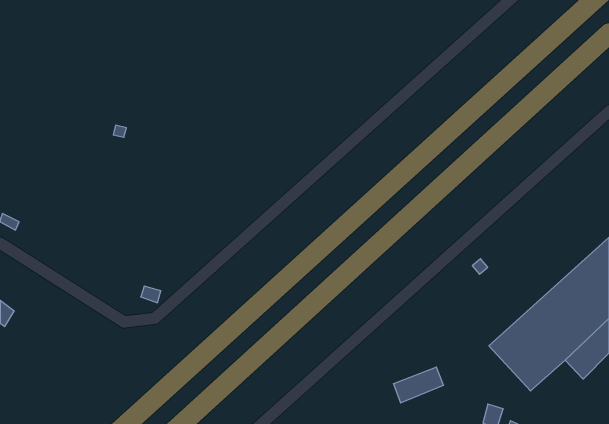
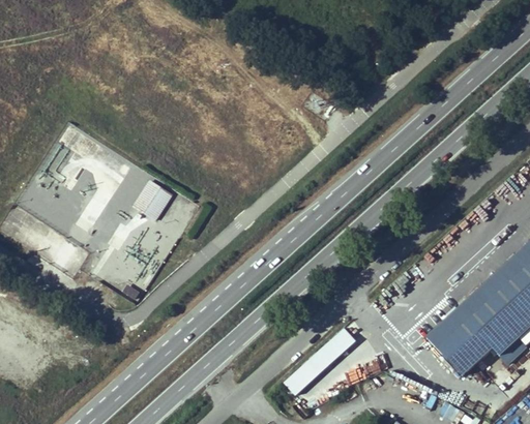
building: none -> [135,178,174,217]
building: none -> [283,326,357,395]

